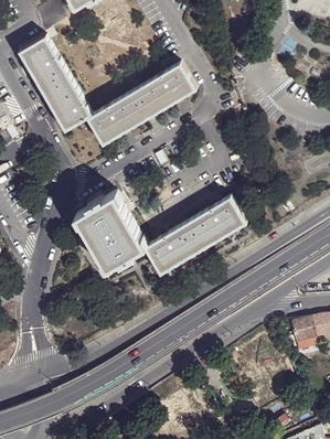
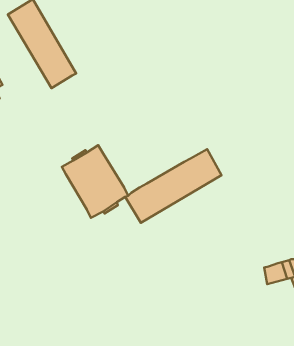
building: [86,64,194,146] -> none

